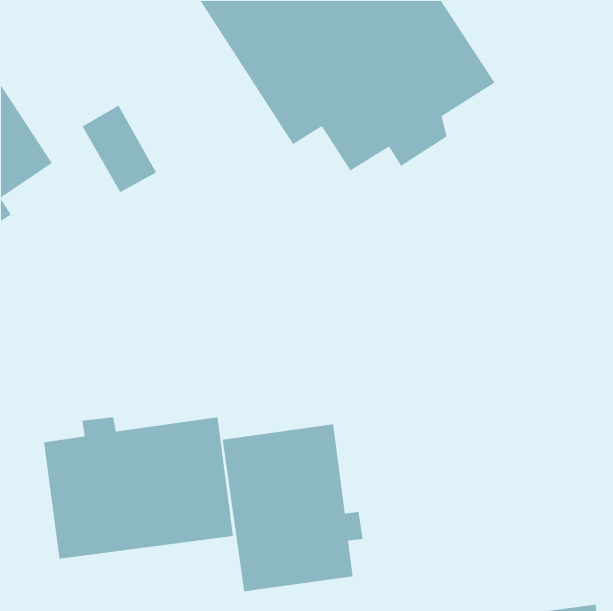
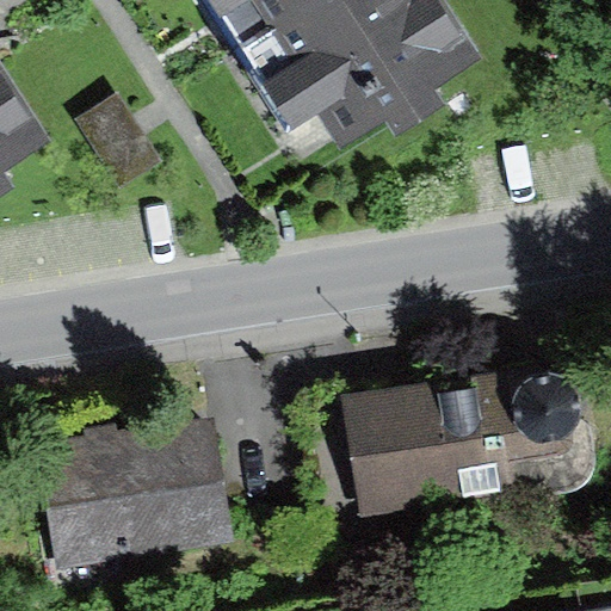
building: none -> [340,348,587,511]
building: [222,423,364,592] -> none

